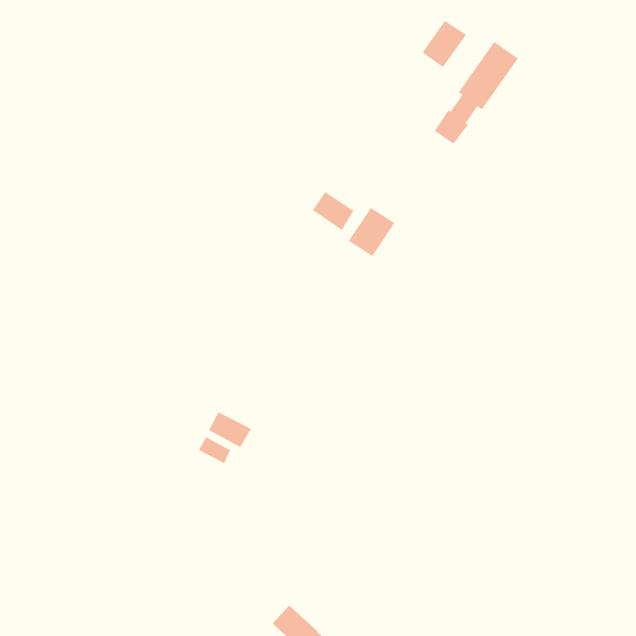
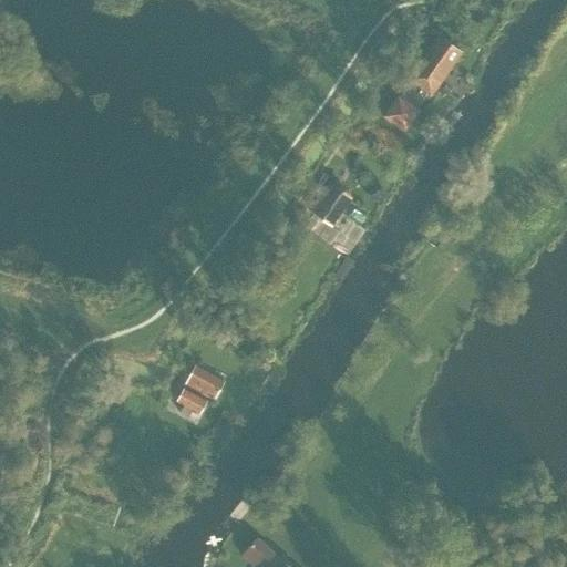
building: [422,20,467,68] -> none
building: [312,191,354,231] -> none

